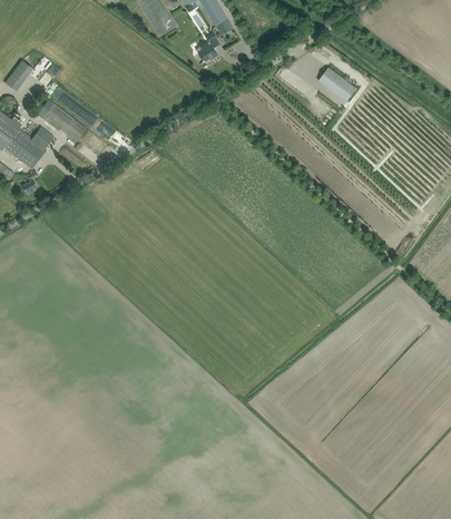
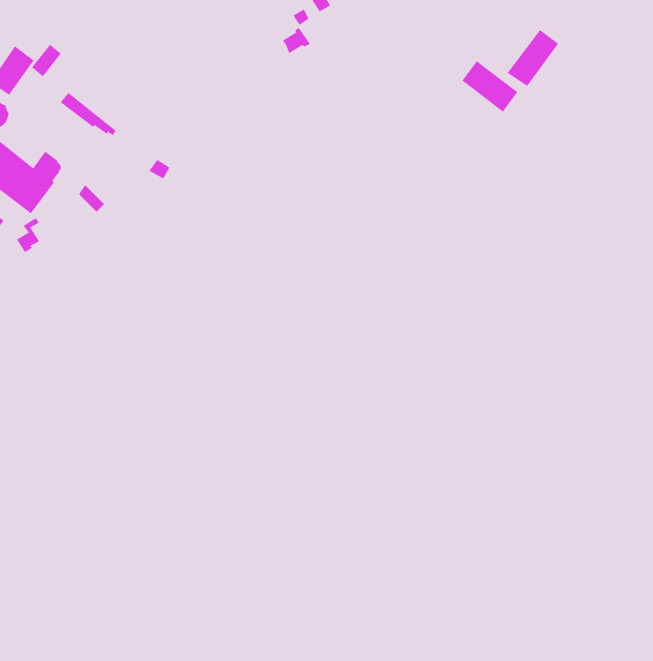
building: none -> [507,29,559,87]
building: [37,99,86,143] -> none

